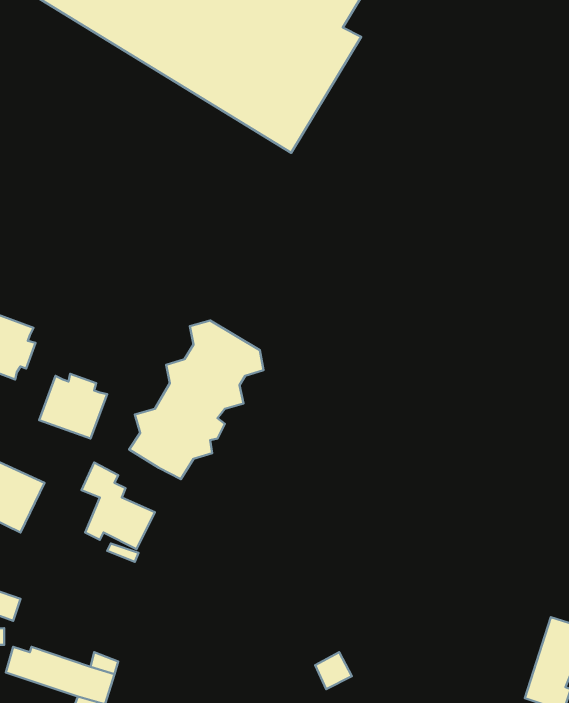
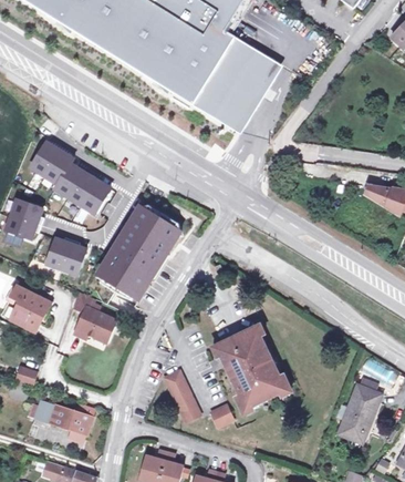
building: none -> [197,34,287,132]
building: none -> [30,143,110,215]
building: none -> [217,326,291,412]
building: none -> [165,371,200,422]

